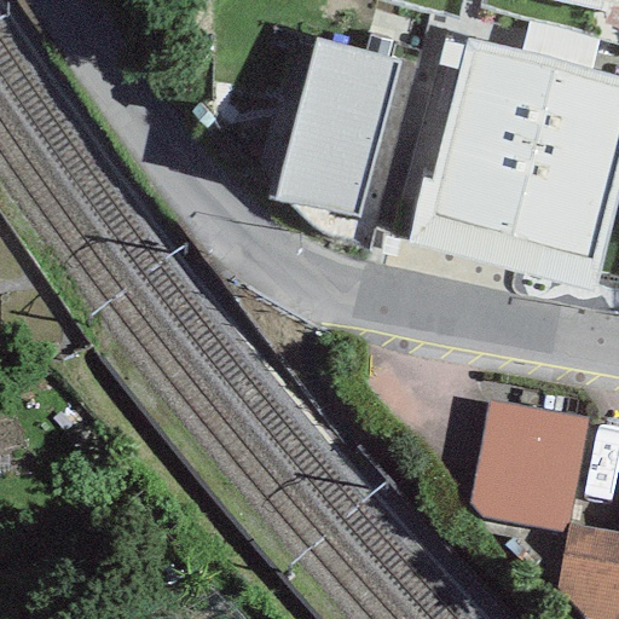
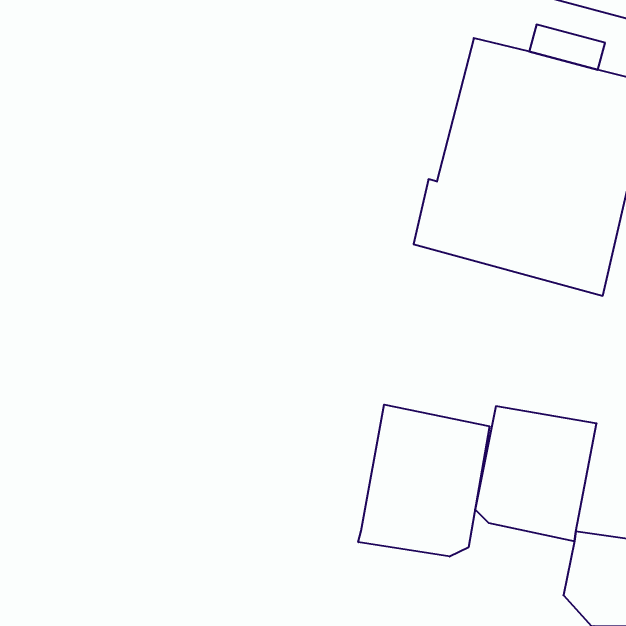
building: [274,36,399,218] -> none
building: none -> [358,405,489,557]

